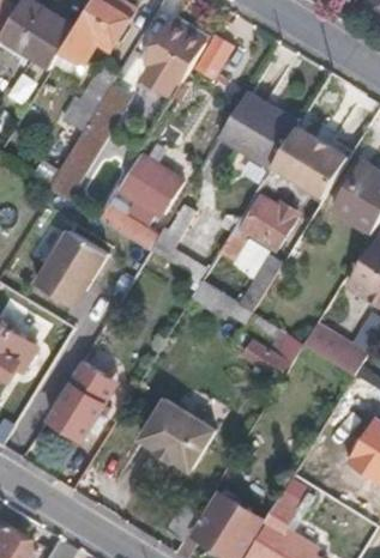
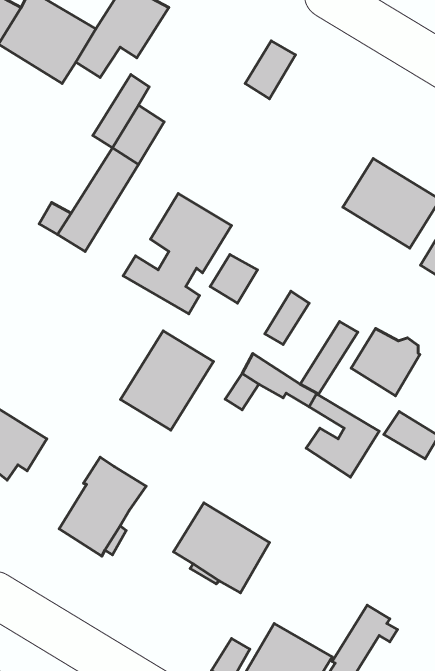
building: [138,20,209,97] -> none
building: [219,91,298,168] -> none
building: [242,196,296,249] -> [351,329,420,396]
building: [29,228,102,305] -> [120,331,213,430]

